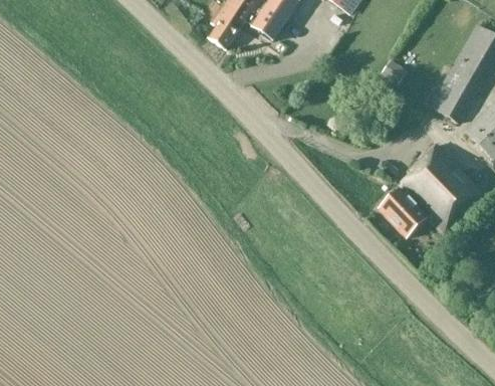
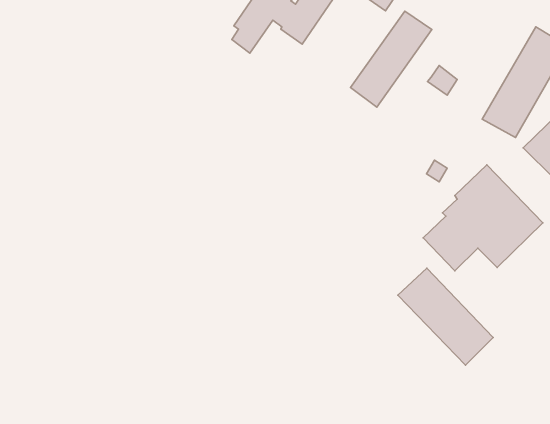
building: none -> [350,11,432,107]
building: none -> [398,268,493,365]

